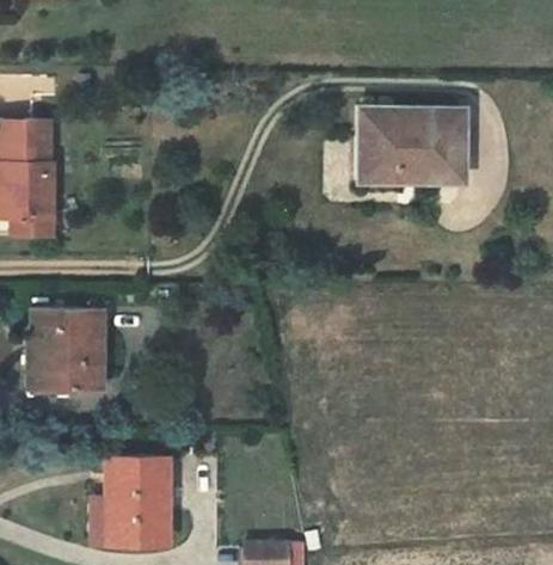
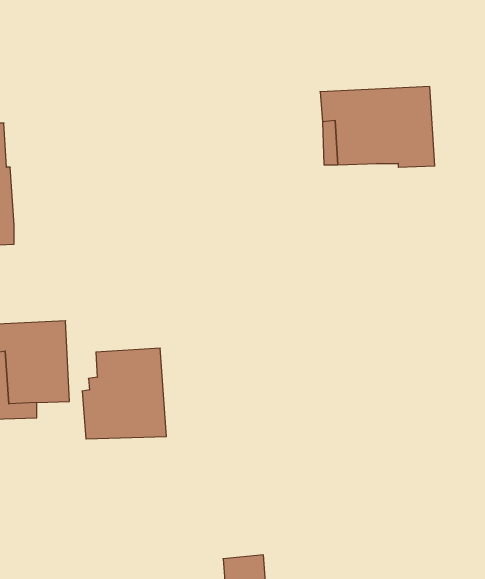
building: [100,461,180,547] -> [82,348,166,439]

